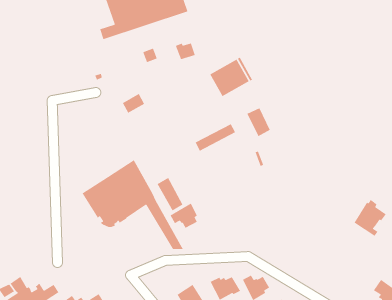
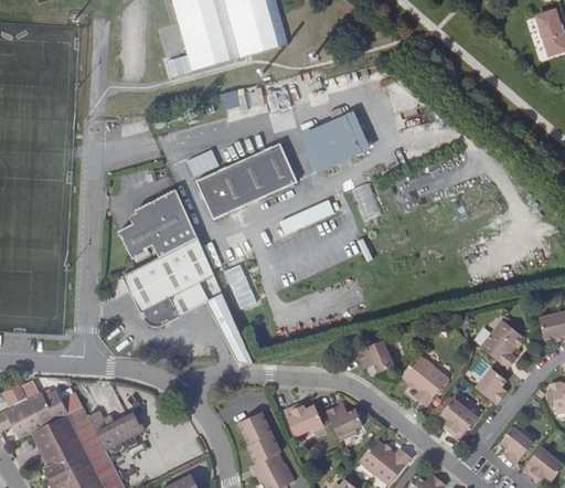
building: none -> [196,142,297,219]
building: none -> [118,189,198,258]
building: [169,203,198,229] -> none
building: none -> [361,339,395,370]
building: none -> [402,351,449,403]
building: none -> [475,367,510,405]
building: none -> [437,400,475,442]

